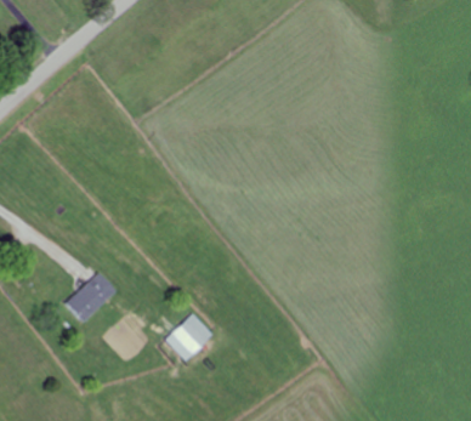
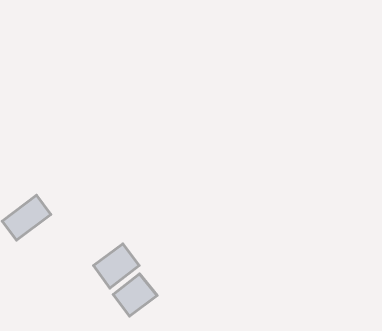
building: none -> [113,274,157,316]

